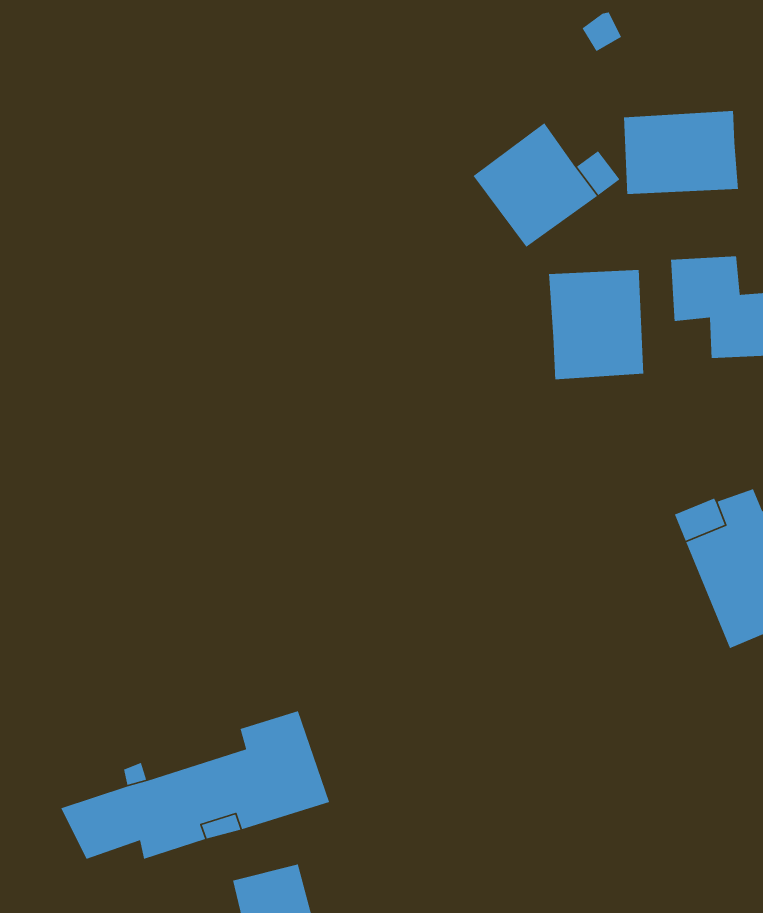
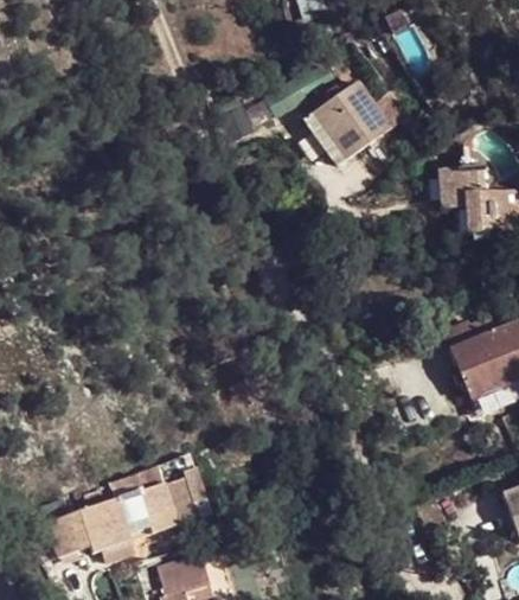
building: [623,110,739,195] -> none
building: [548,269,644,380] -> none

